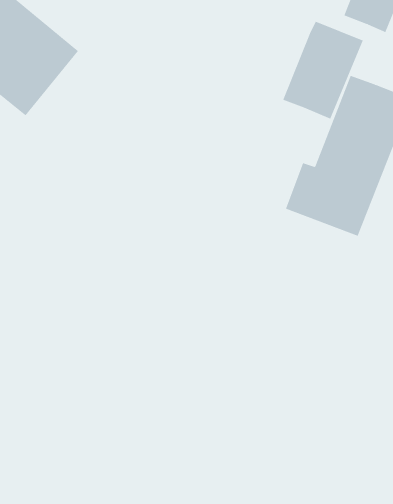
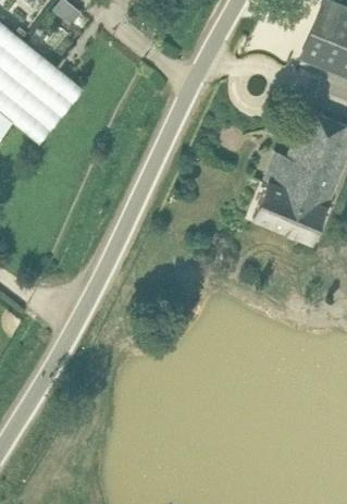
building: [282,21,364,120] -> none

